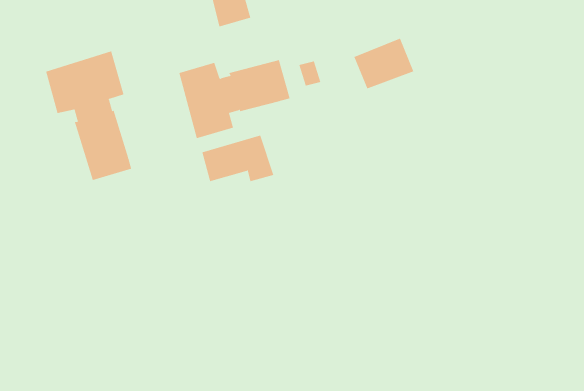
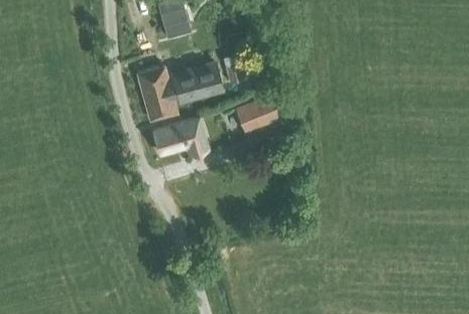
building: [353,38,414,89] -> [235,95,280,133]
building: [45,51,132,181] -> none

